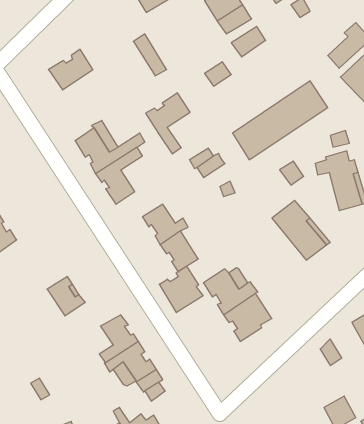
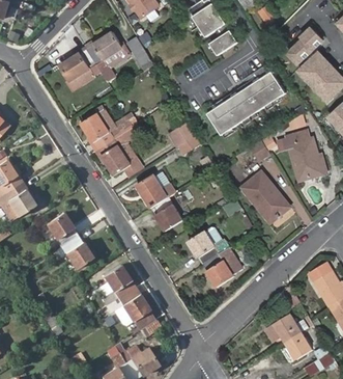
building: [146,93,190,154] -> [87,31,123,81]
building: none -> [46,211,77,244]
building: [159,266,203,313] -> none
building: none -> [266,315,308,341]

